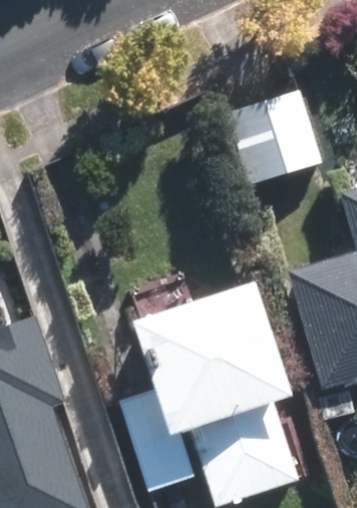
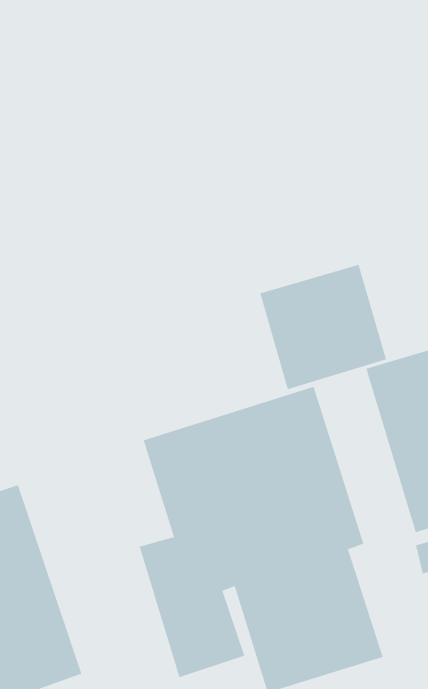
building: [233,90,325,181] -> [260,264,387,390]

